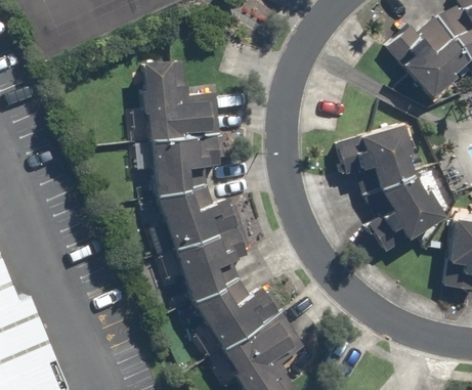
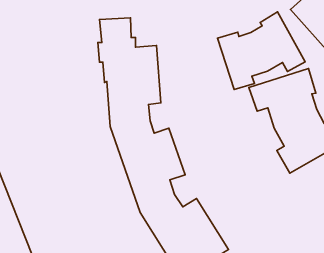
building: none -> [217,12,305,90]

